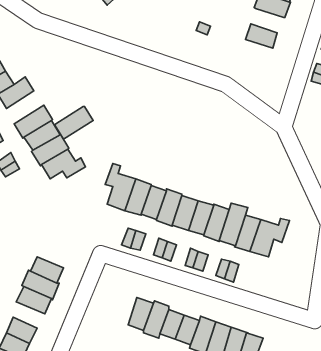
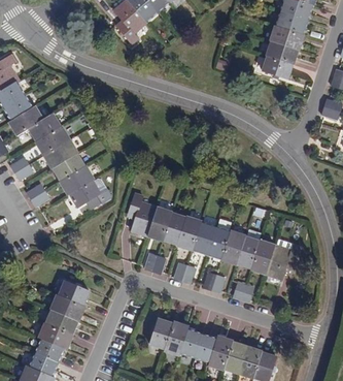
building: none -> [265,46,297,69]
building: [55,106,93,139] -> [35,124,71,155]
building: none -> [38,321,73,348]

